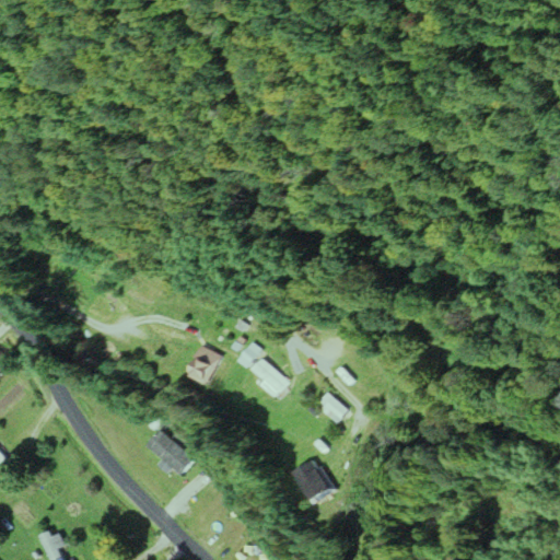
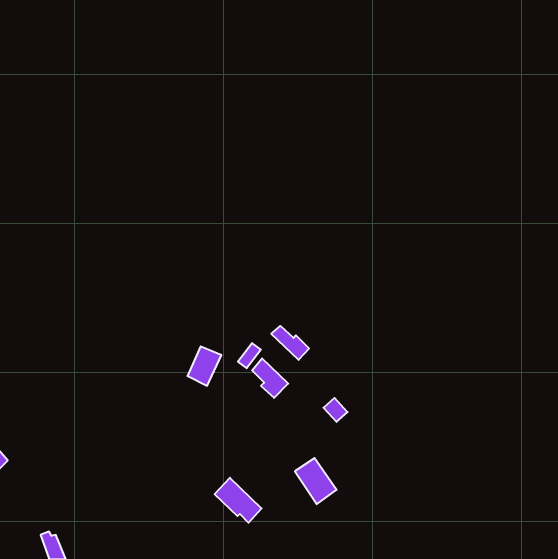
building: none -> [271,326,309,360]
building: [145,429,192,474] -> [215,478,262,523]

